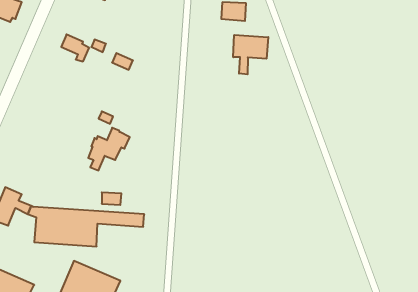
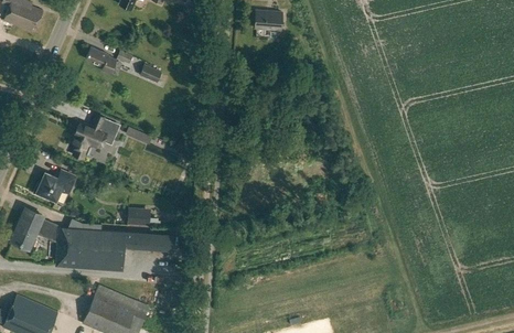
building: [233,35,268,74] -> none
building: [88,128,130,170] -> [72,114,116,159]
building: none -> [34,170,77,201]

